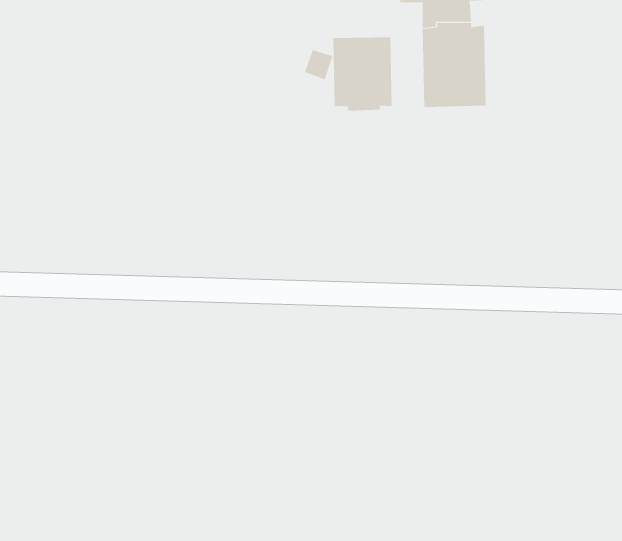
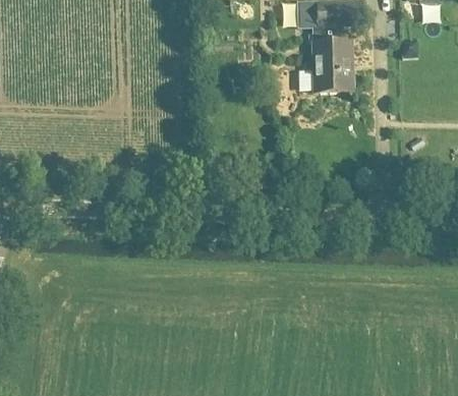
building: [333,37,392,112] -> none

